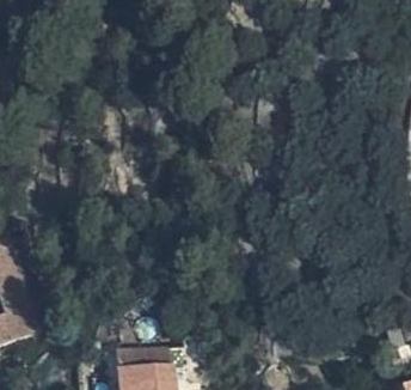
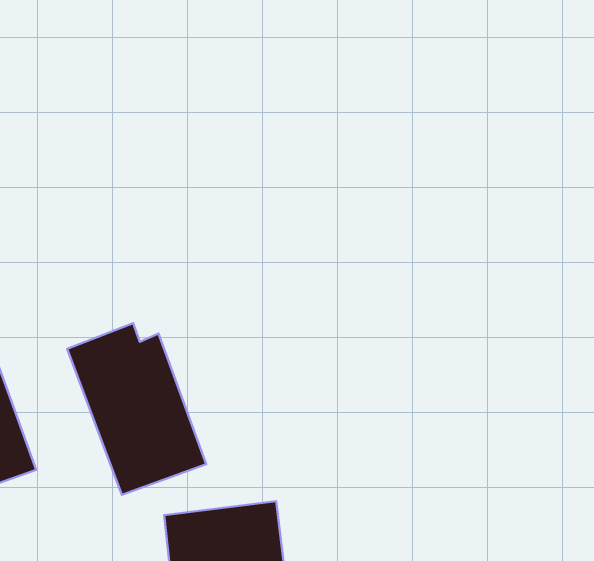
building: none -> [67,323,206,495]

